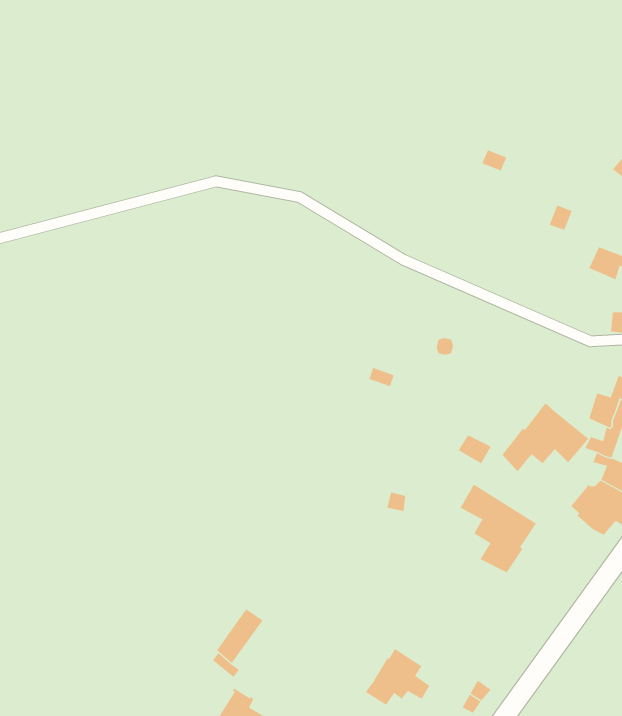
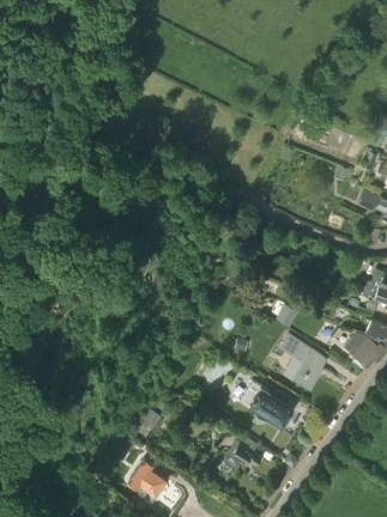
building: [502,403,589,472] -> none
building: none -> [240,379,292,426]

